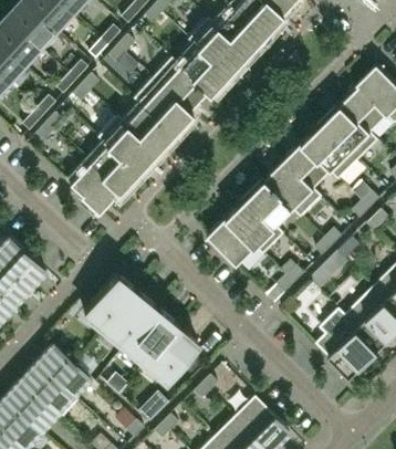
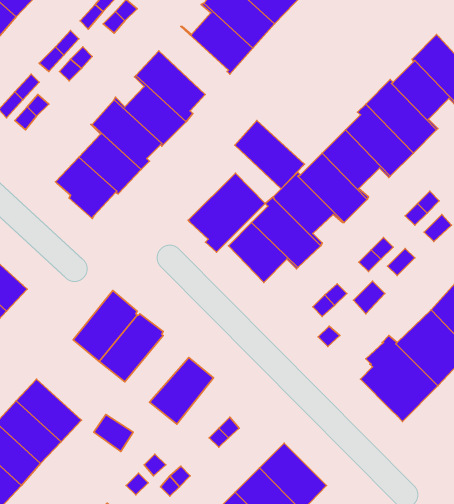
building: [153,58,209,113] -> [235,121,304,189]
building: none -> [188,173,265,252]
building: [125,307,178,363] -> none

